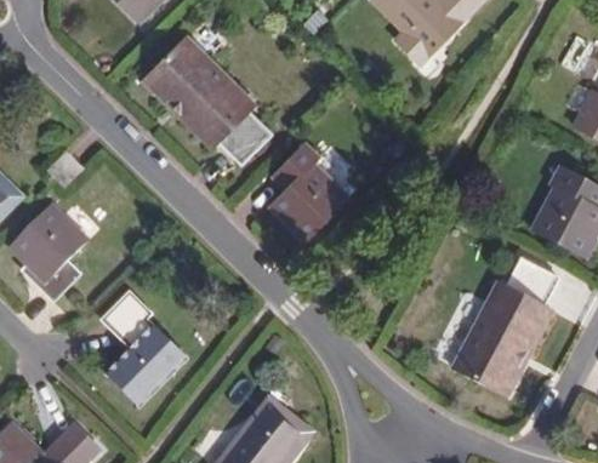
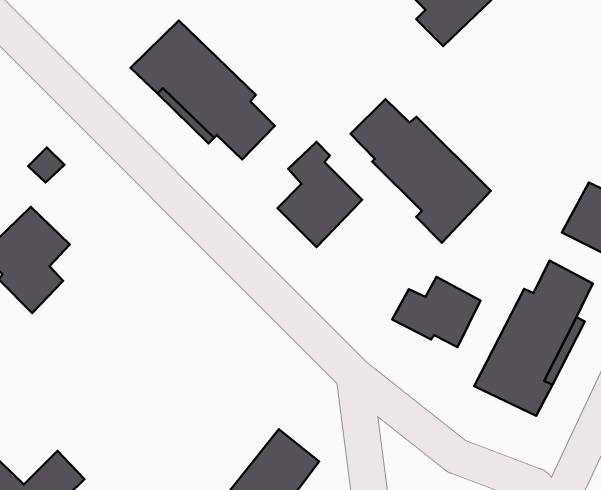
building: none -> [351,99,491,243]
building: none -> [392,277,480,347]
building: [103,291,187,406] -> none

